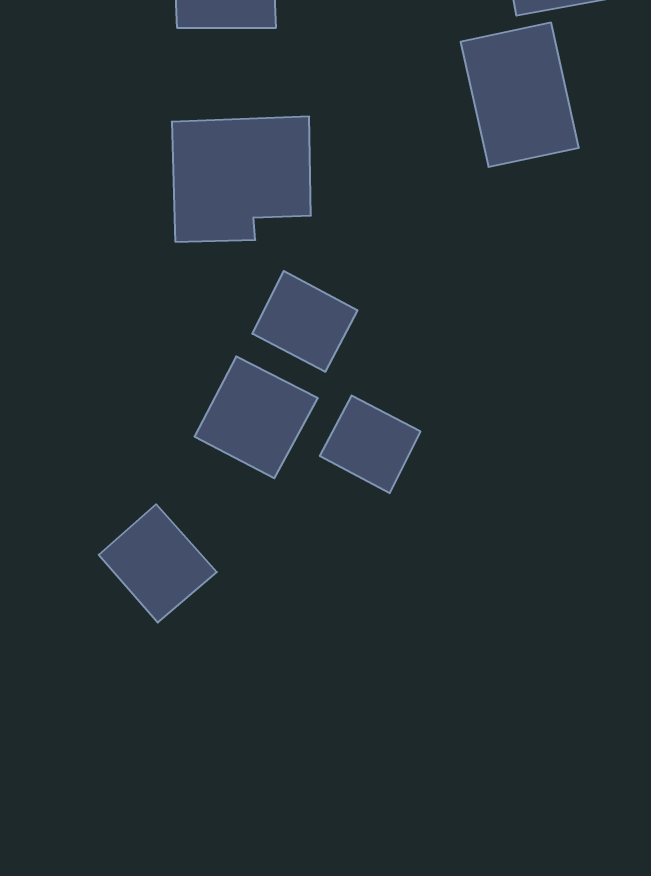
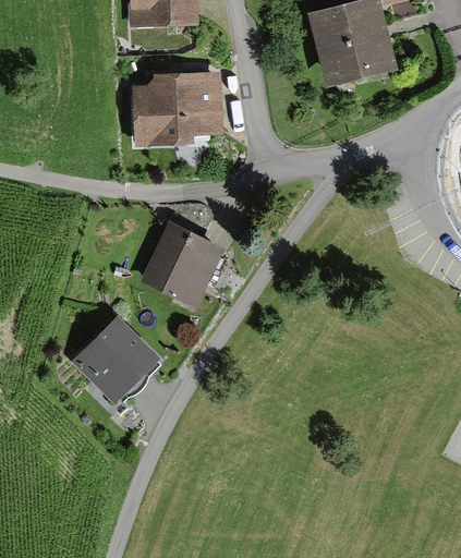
building: [252,271,357,372] -> none
building: [320,395,420,493] -> none

